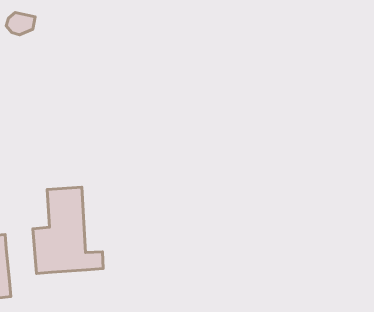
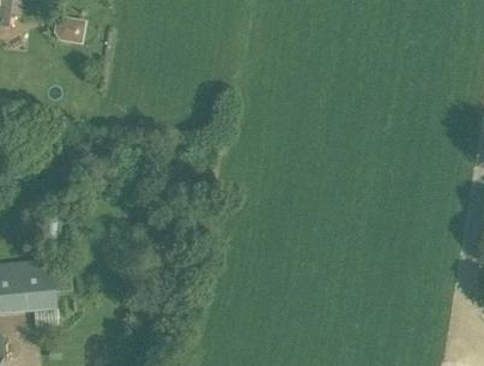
building: [33,187,103,274] -> none

